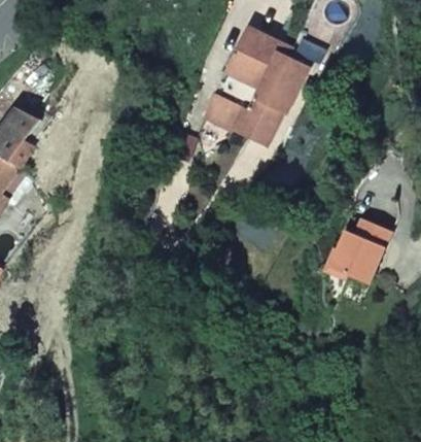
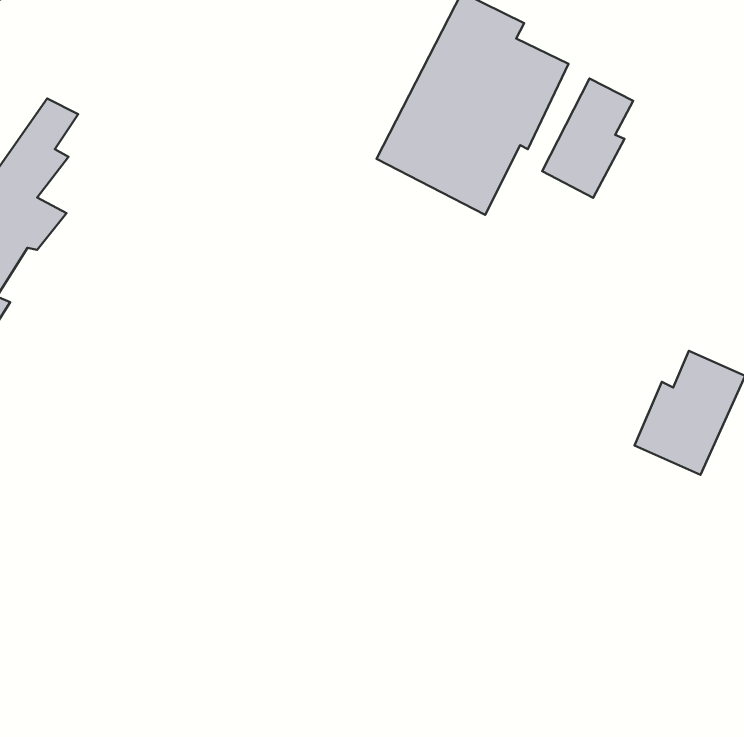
building: none -> [542,79,633,198]

